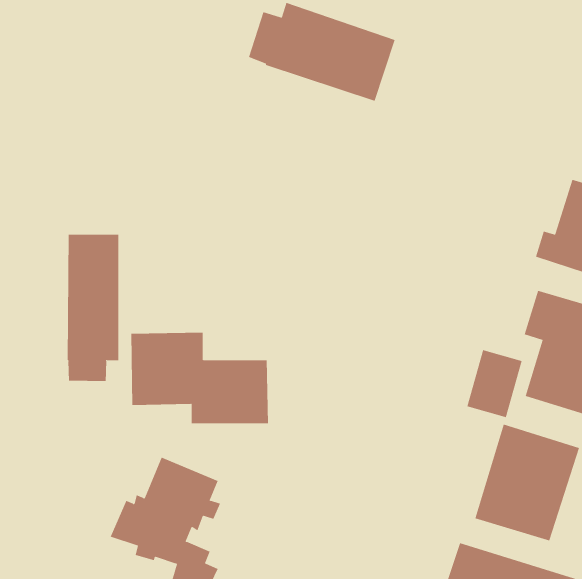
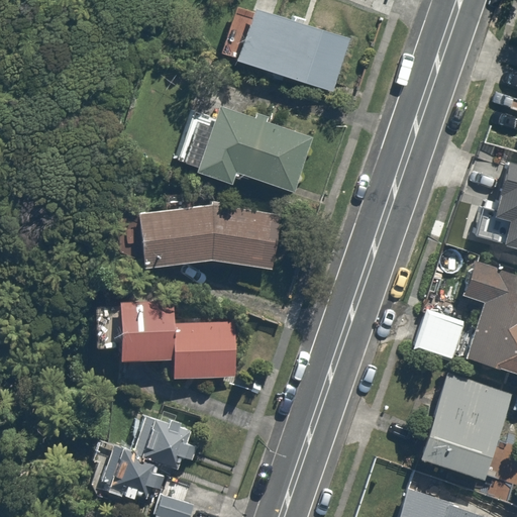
building: none -> [175,101,315,193]
building: none -> [138,207,287,270]
building: [67,234,119,382] -> none

